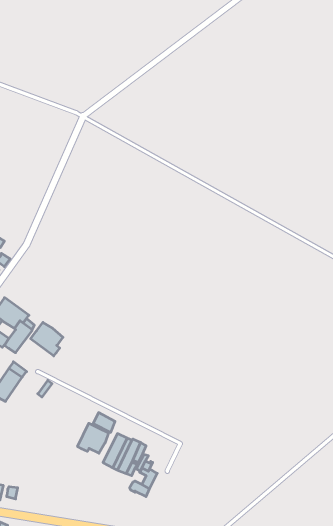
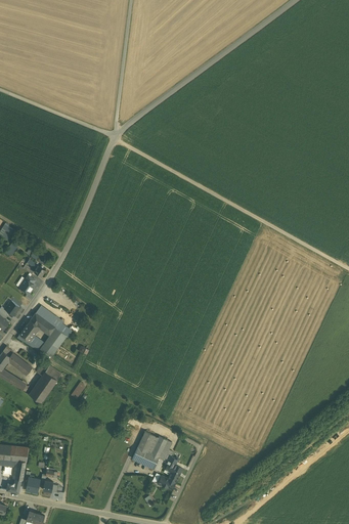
building: [31,322,63,356] -> none
building: [78,423,109,453] -> none

